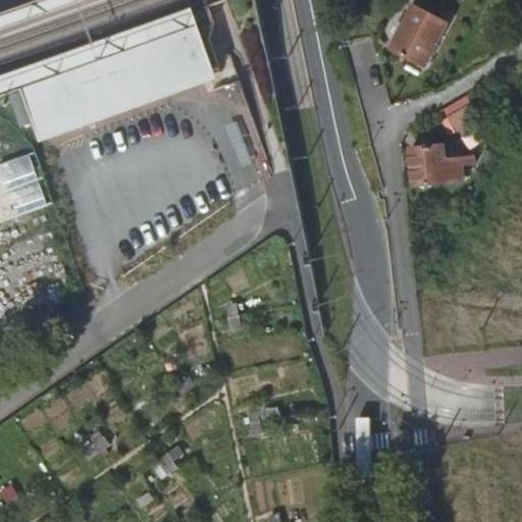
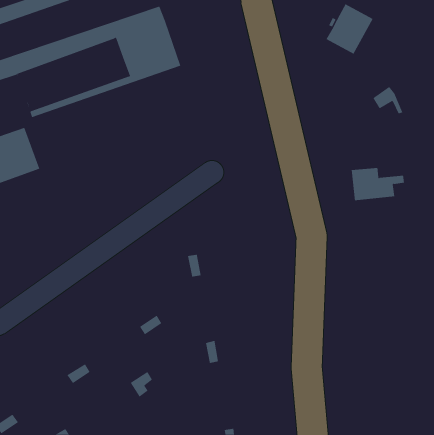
building: [8,46,154,133] -> none
building: [407,145,471,185] -> [351,167,405,201]

